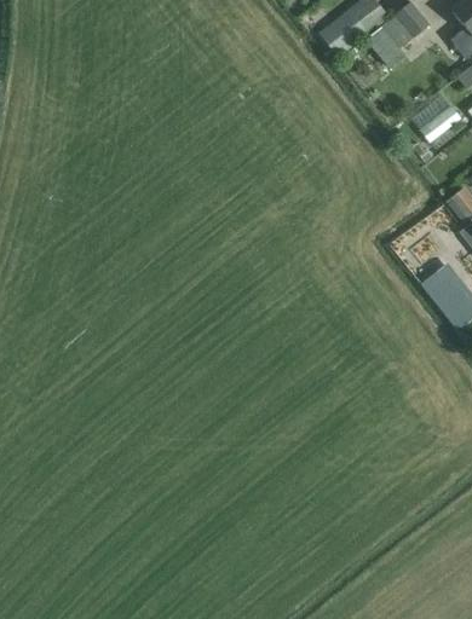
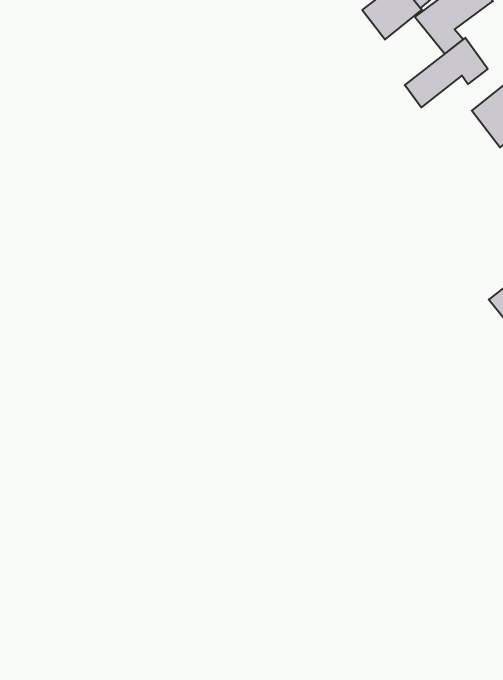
building: none -> [405,38,488,107]

